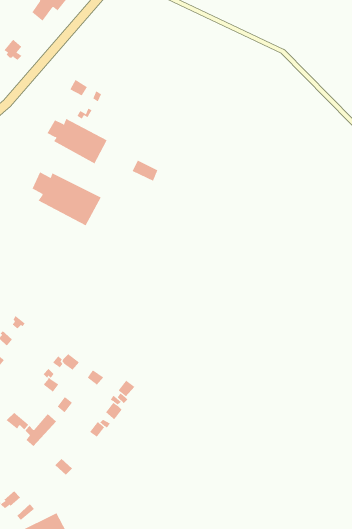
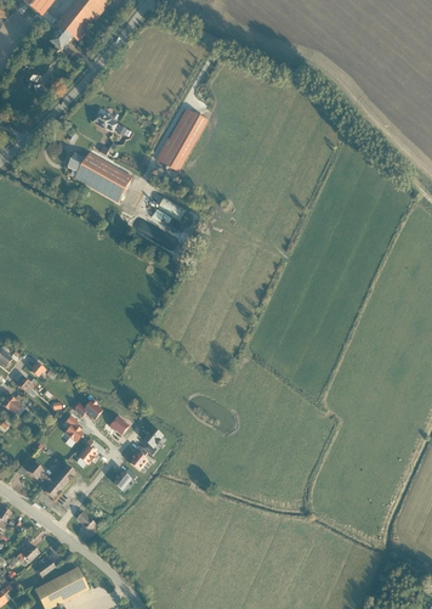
building: none -> [158,107,210,171]
building: [32,171,101,226] -> none

